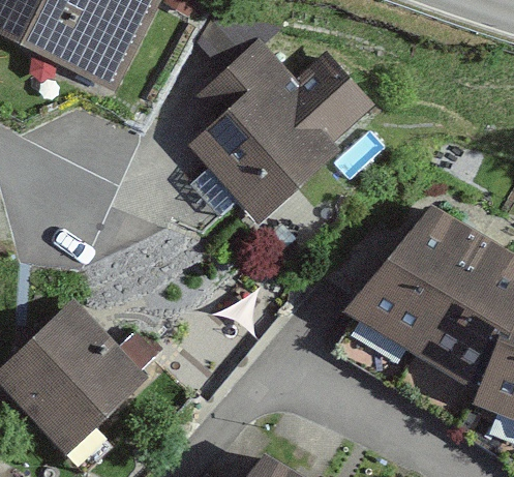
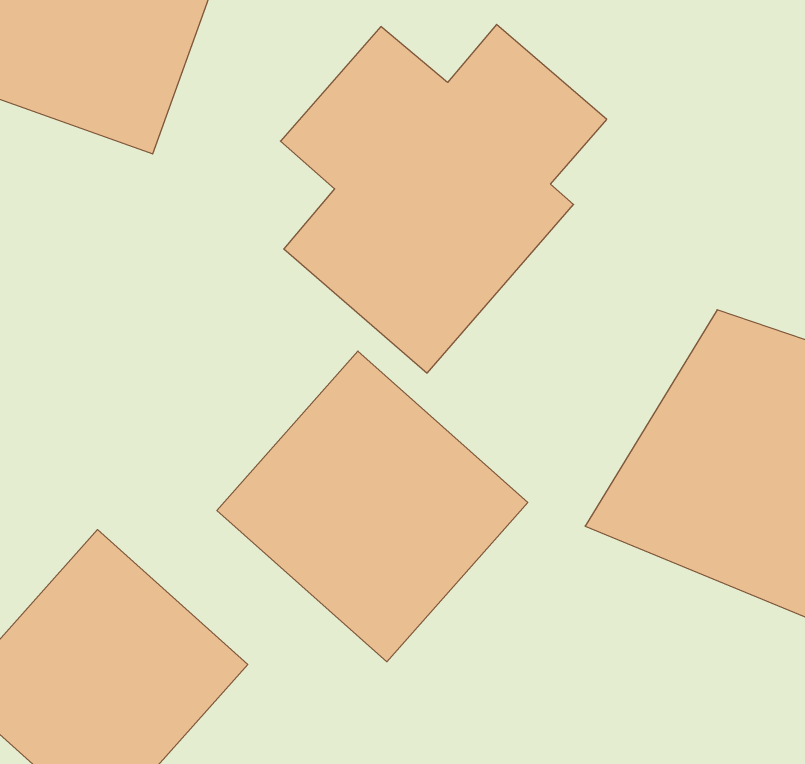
building: none -> [217,351,528,662]

